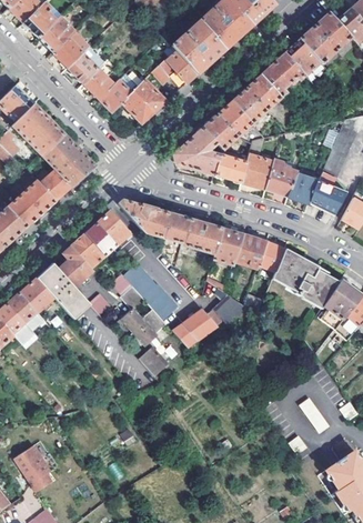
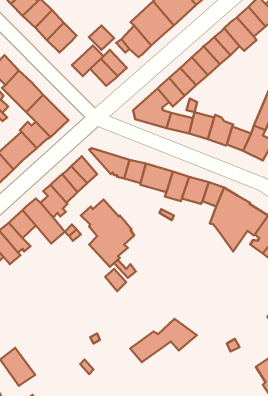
building: [83,68,114,98] -> [89,26,114,50]
building: [173,293,255,346] -> [130,319,197,362]

